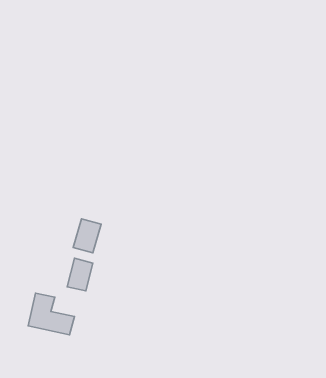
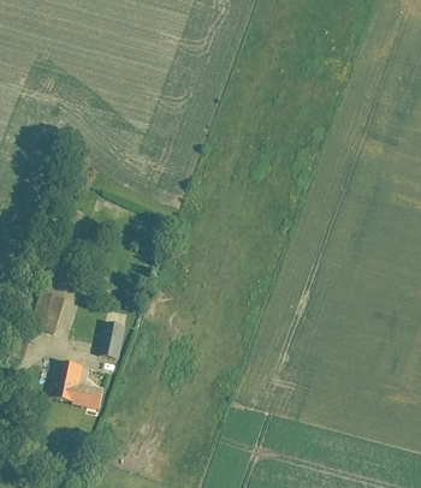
building: [73,219,101,253] -> [32,290,65,329]

